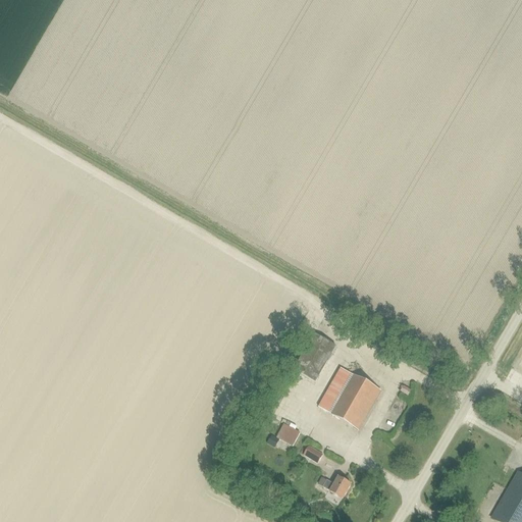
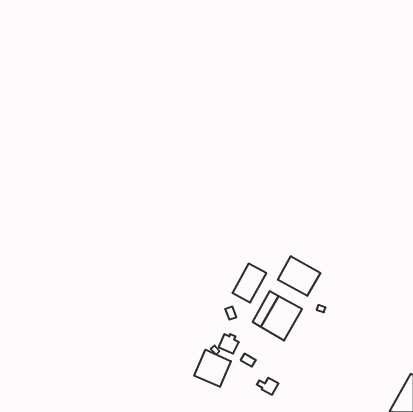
building: none -> [278,256,320,296]
building: none -> [194,350,231,387]

